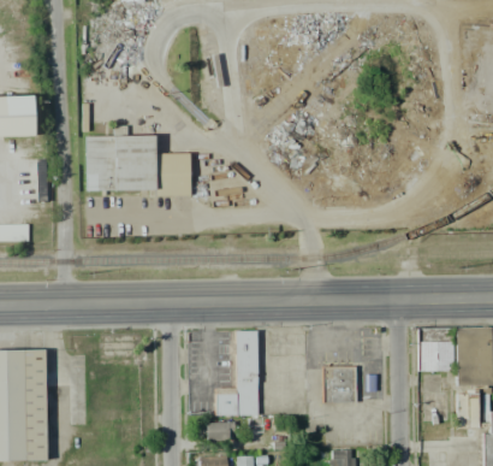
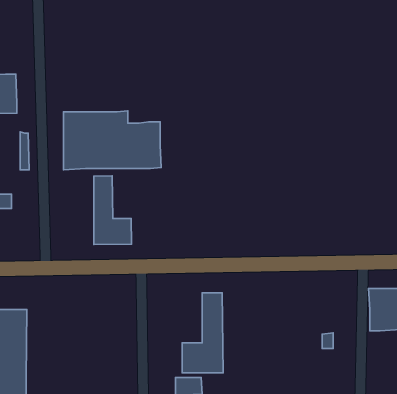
building: none -> [94,176,132,245]
building: [322,367,357,403] -> none

